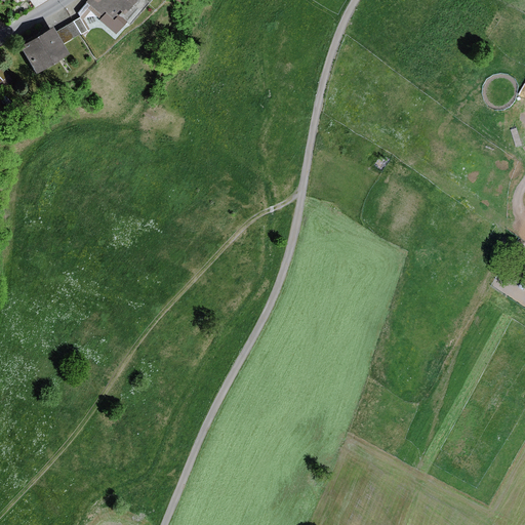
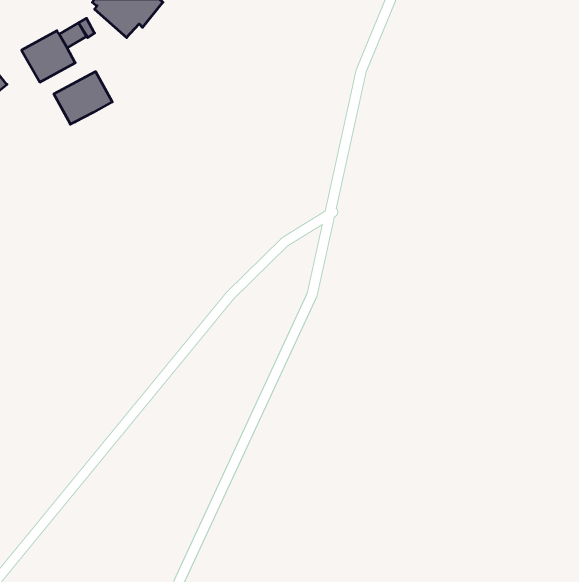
building: none -> [54,72,112,124]

